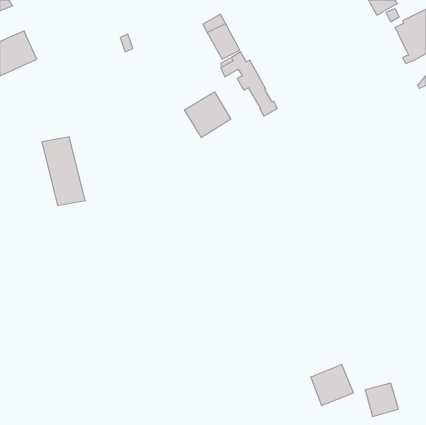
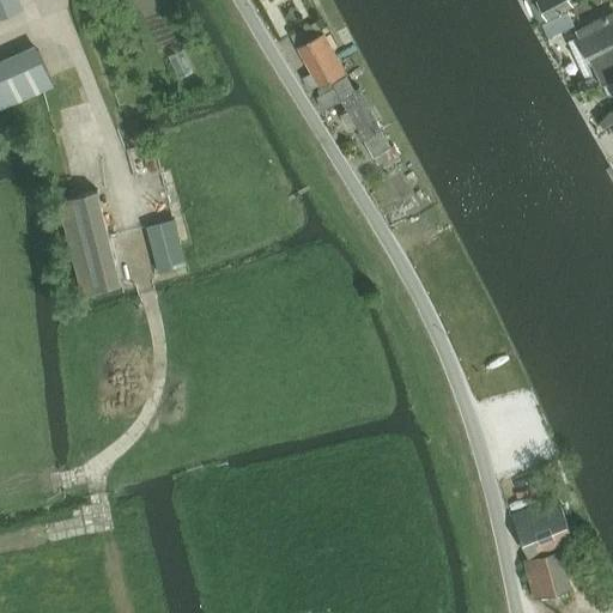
building: [185,92,231,138] -> none
building: none -> [145,214,189,272]
building: [311,365,353,405] -> [512,498,573,557]

